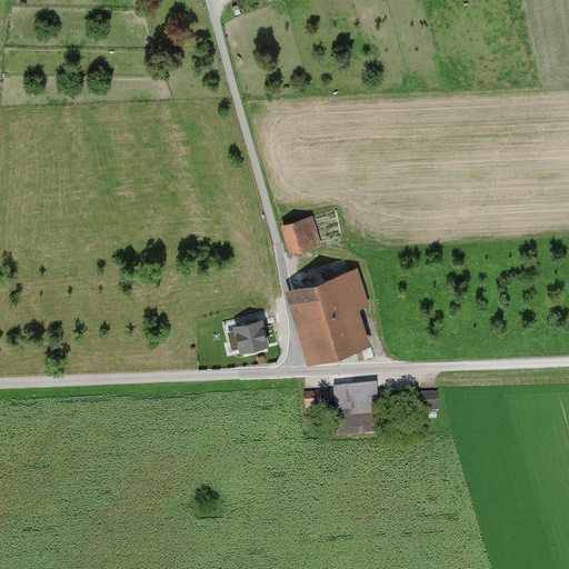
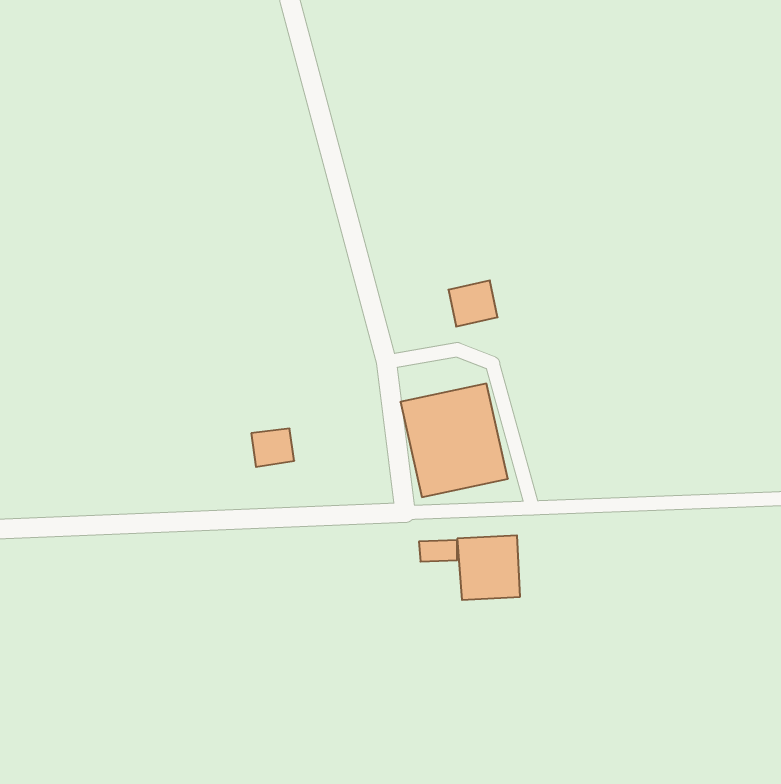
building: [281,218,317,251] -> [448,280,498,327]
building: [233,320,264,348] -> [251,429,294,467]

